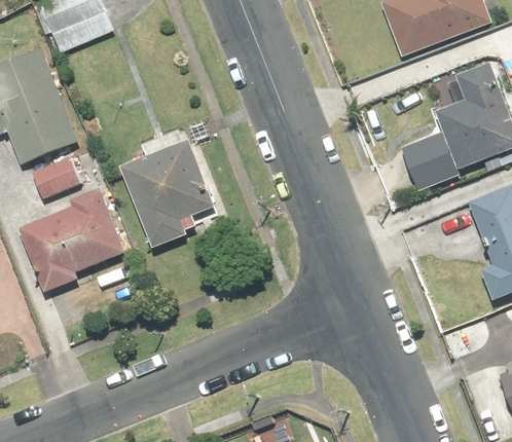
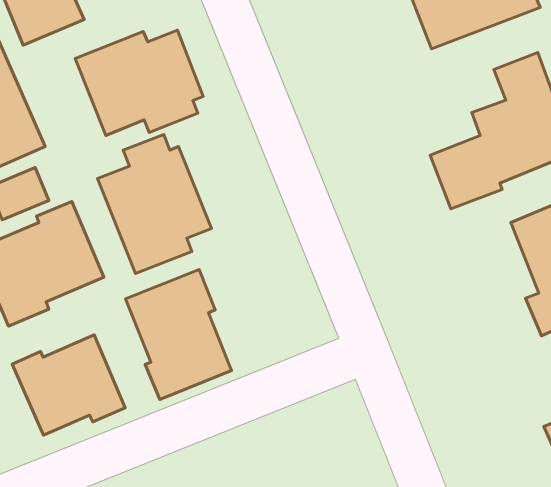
building: none -> [75,30,203,135]
building: none -> [125,269,232,400]
building: none -> [12,335,125,435]

